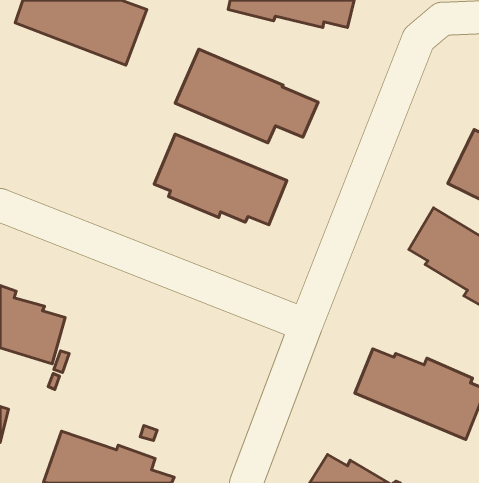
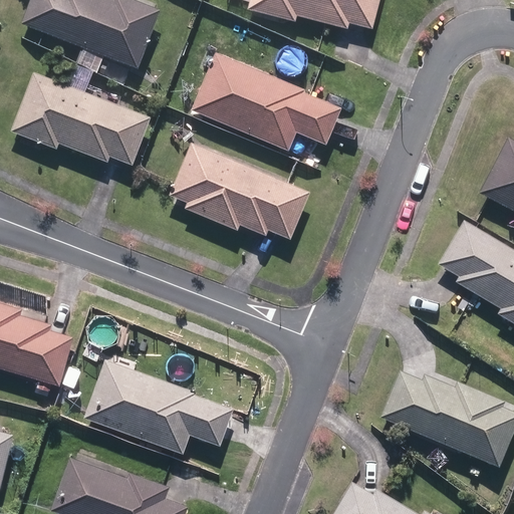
building: none -> [10,72,151,166]
building: none -> [84,359,234,455]

